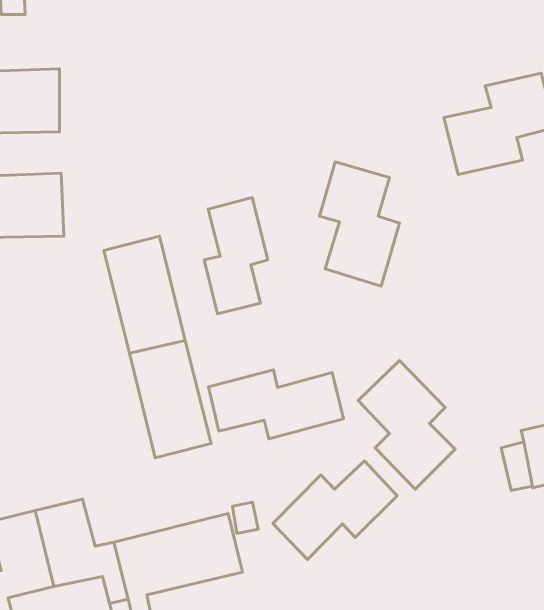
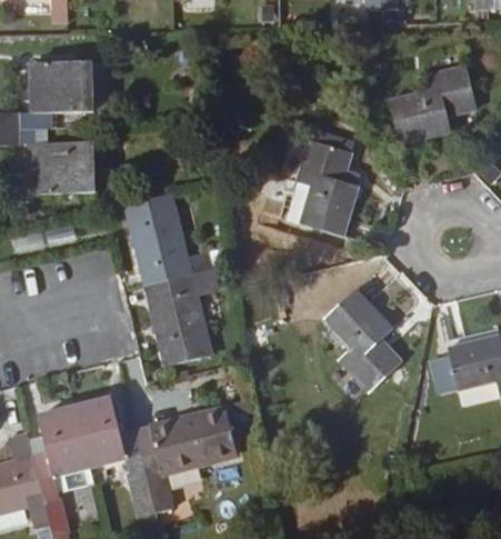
building: [204,197,268,314] -> none
building: [209,370,344,439] -> none
building: [273,461,397,559] -> none

